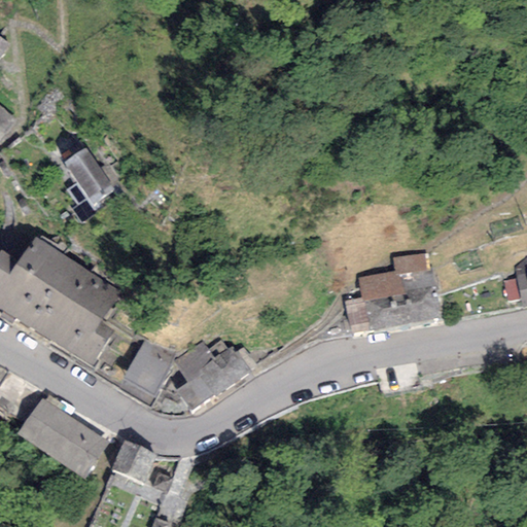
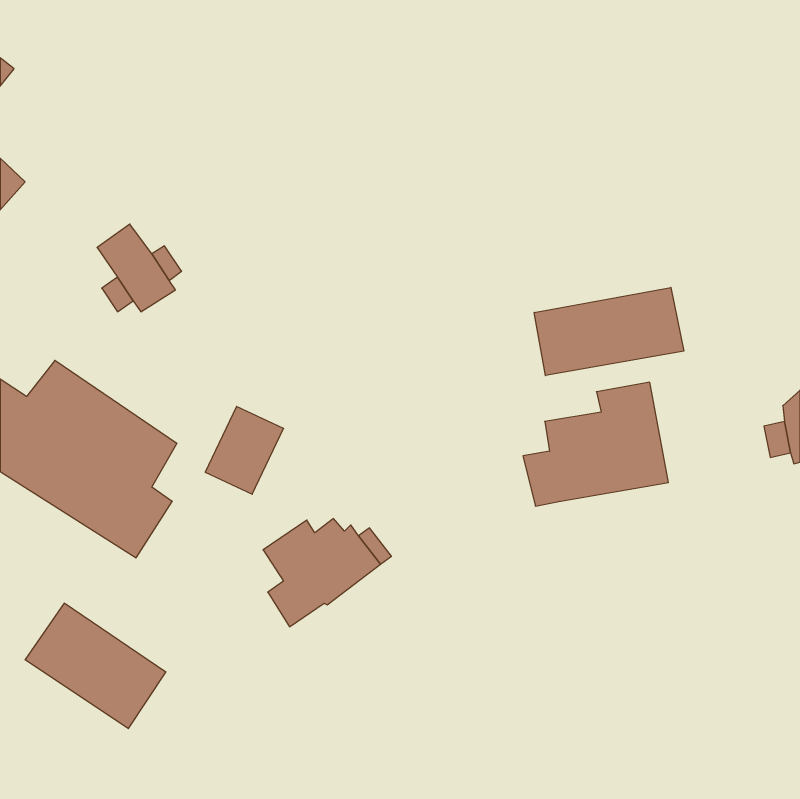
building: none -> [534,287,684,376]
building: [122,338,174,395] -> [205,406,284,494]
building: [110,440,156,484] -> none

